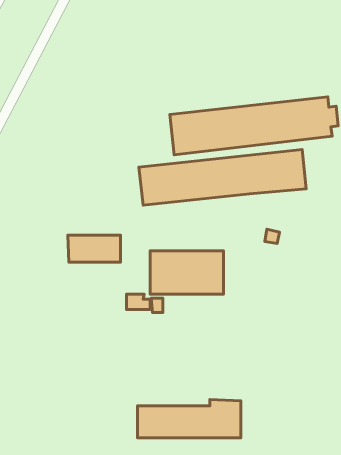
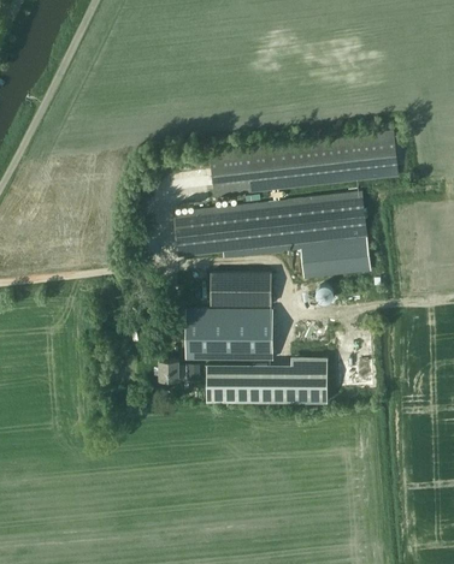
building: none -> [301,238,371,280]
building: [68,235,120,262] -> [210,274,271,305]
building: [138,400,241,438] -> [206,357,326,402]

